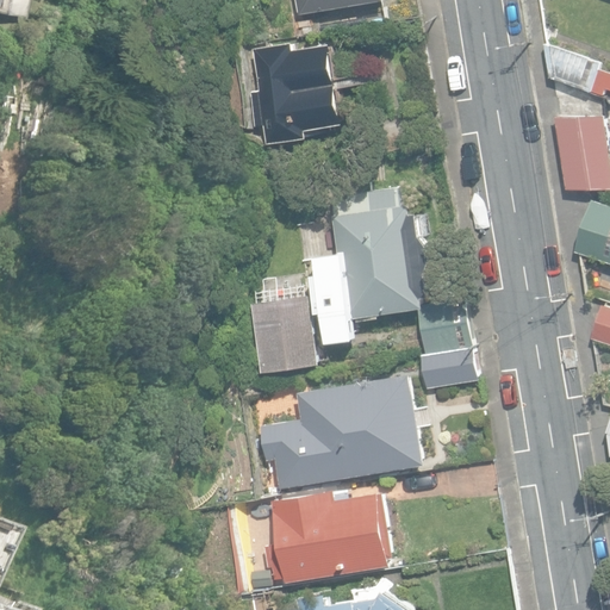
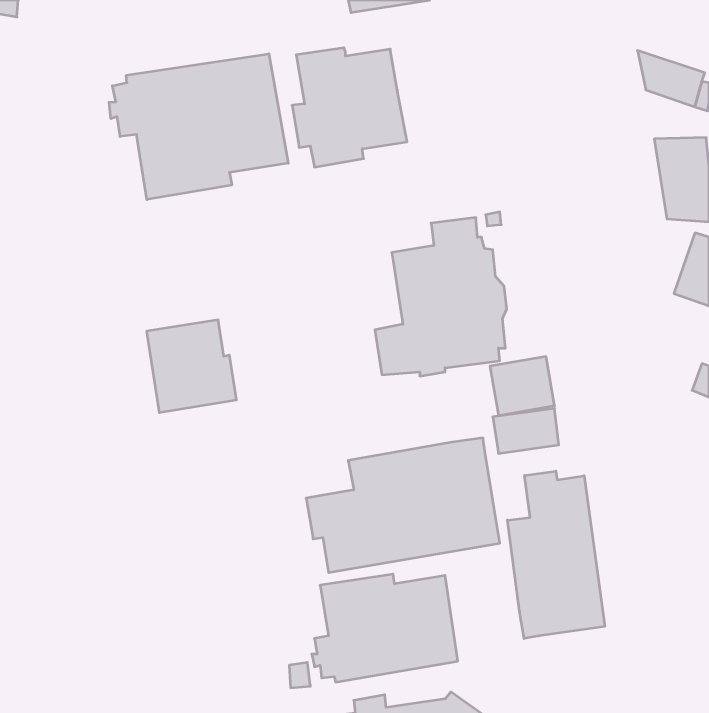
building: none -> [109,54,288,200]
building: [249,295,325,374] -> [147,320,236,413]
building: none -> [507,471,605,639]

